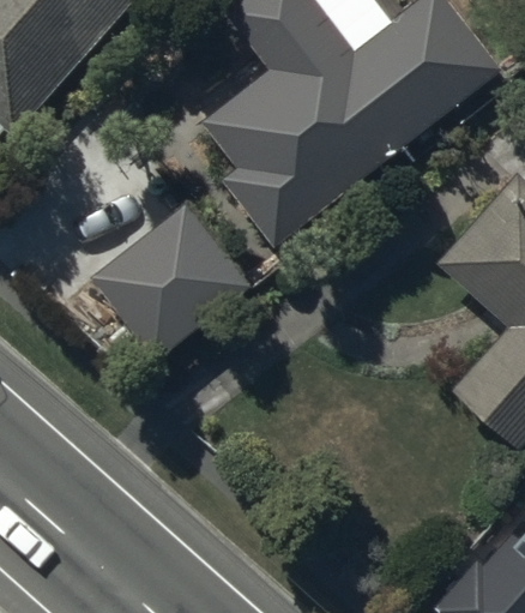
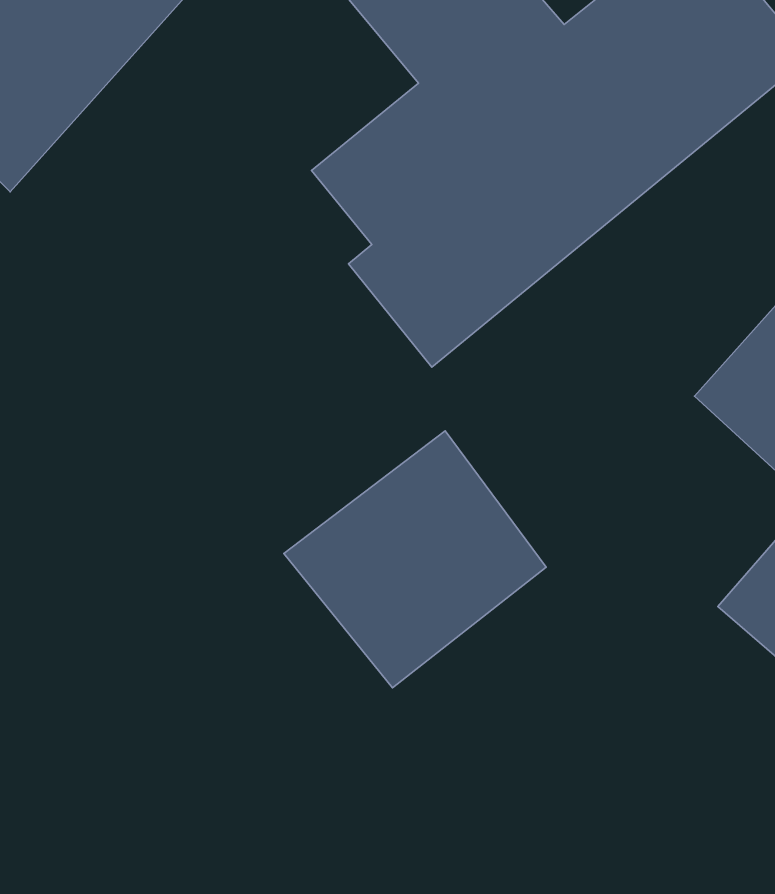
building: [90,202,252,360] -> [284,431,546,688]

